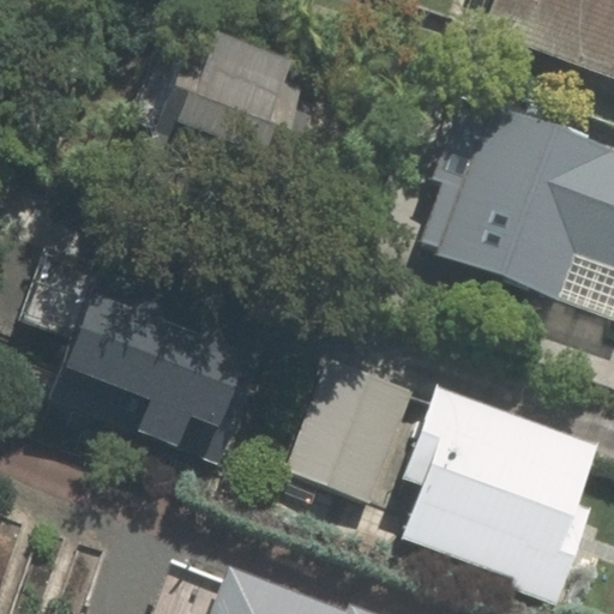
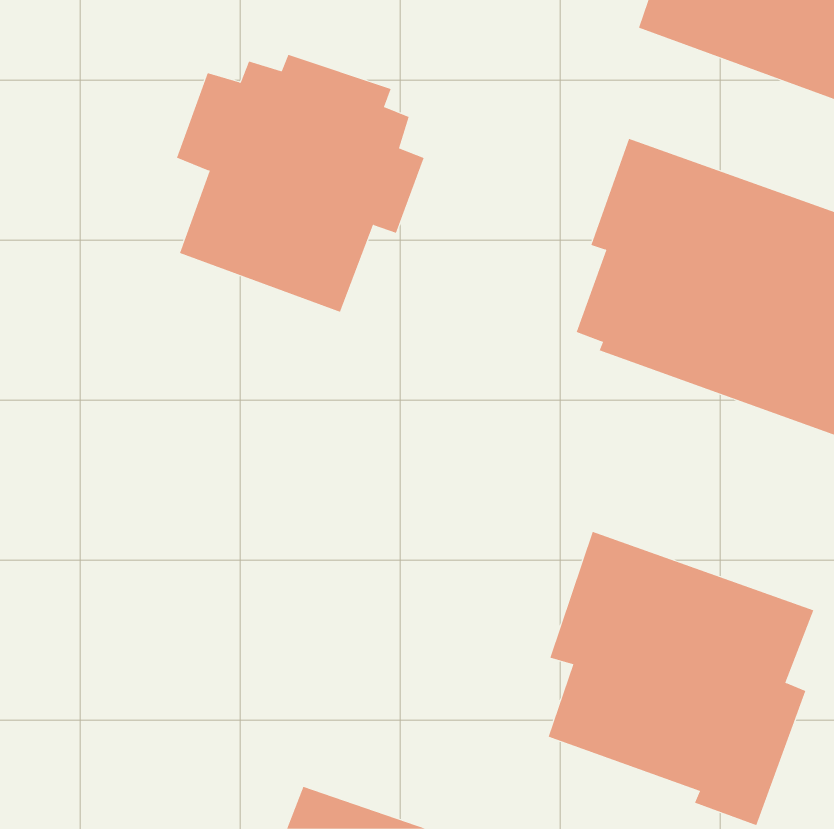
building: [25,258,267,458] -> none
building: [288,357,414,498] -> none

